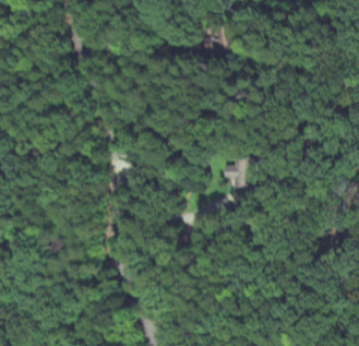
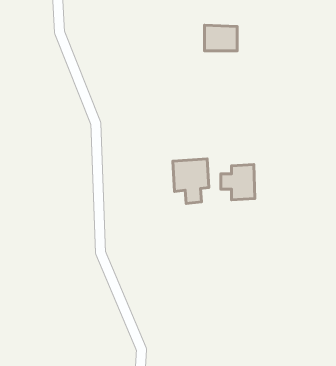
building: none -> [173,159,209,204]

